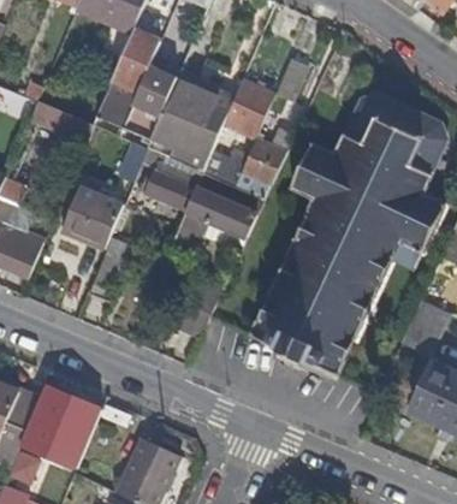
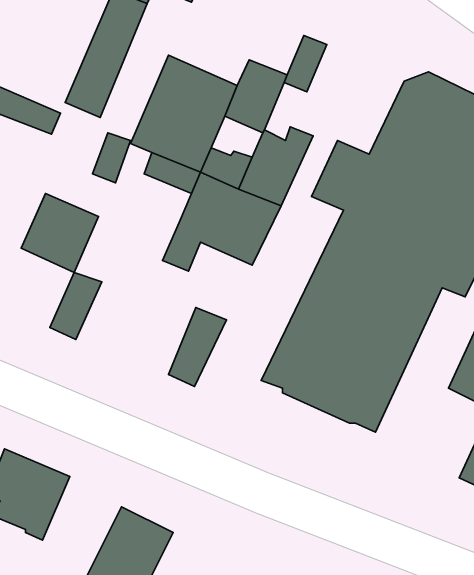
building: [123,61,180,138] -> none
building: [140,165,195,209] -> none

